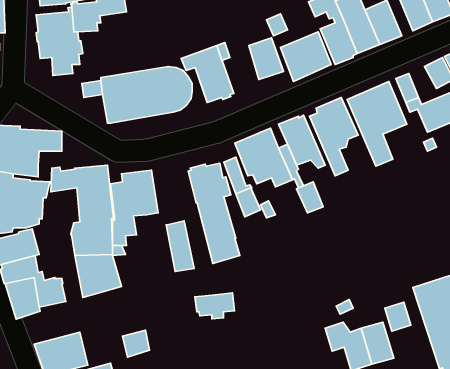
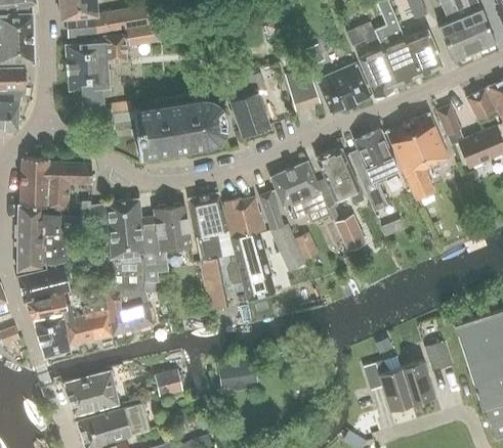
building: none -> [188,193,227,261]
building: none -> [83,302,113,340]
building: [195,293,235,319] -> [216,363,257,390]

